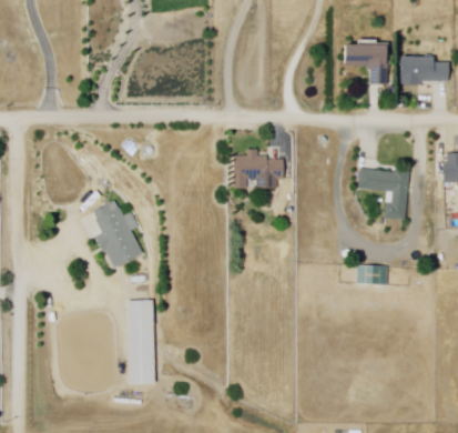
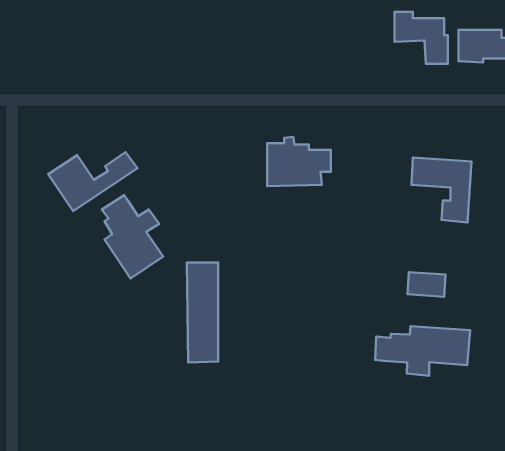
building: none -> [48,152,138,211]
building: [128,299,154,384] -> [187,262,218,363]
building: none -> [375,326,470,376]

